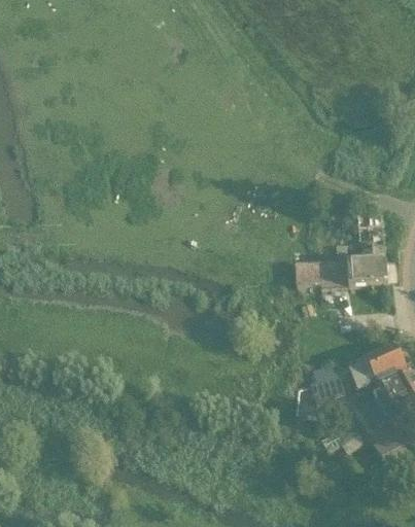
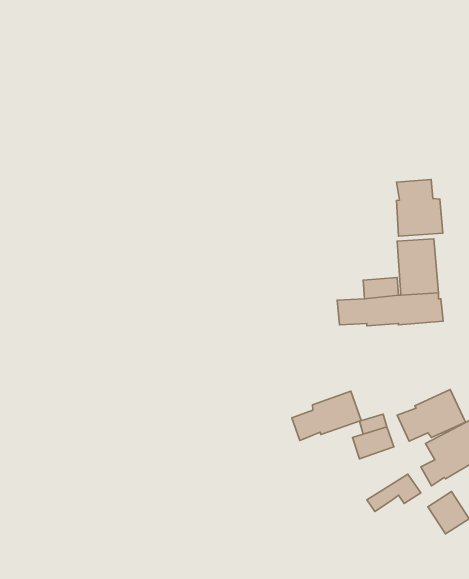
building: none -> [396,180,443,236]
building: none -> [292,391,361,441]

